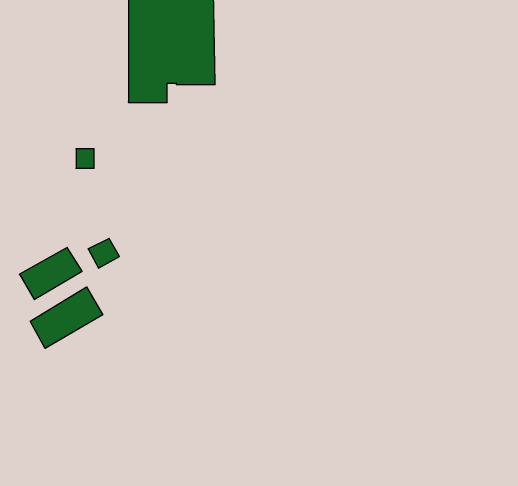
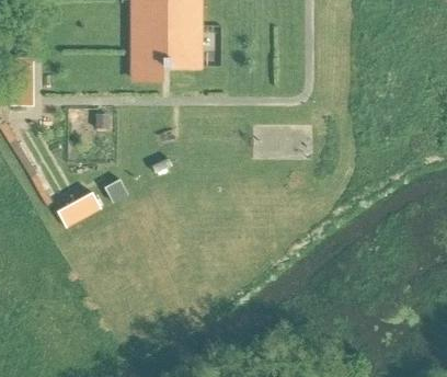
building: [30,287,103,348] -> none

